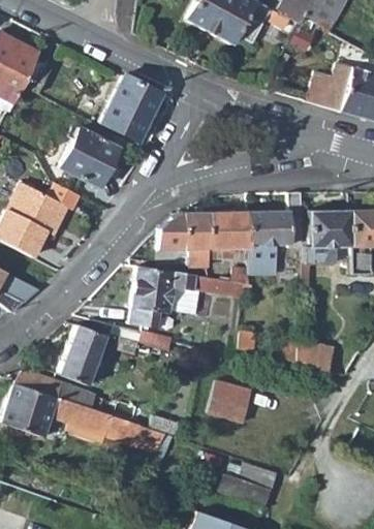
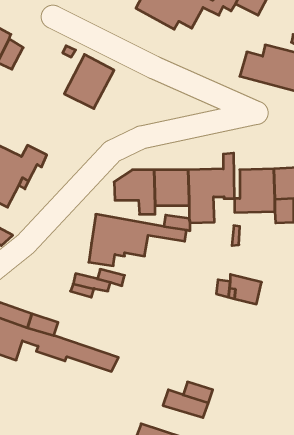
building: [61,127,118,186] -> none
building: [59,324,107,384] -> none
building: [208,379,253,422] -> none

